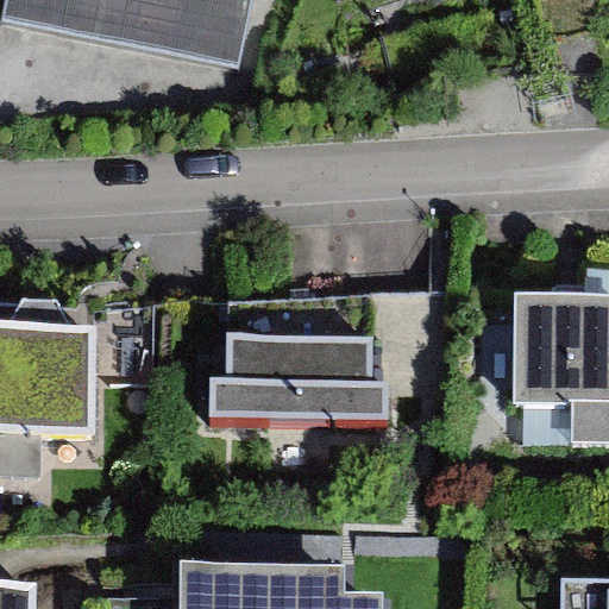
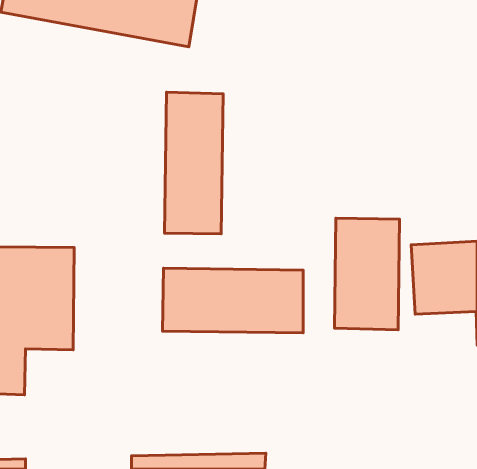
building: none -> [164,92,223,234]
building: none -> [334,218,400,330]

